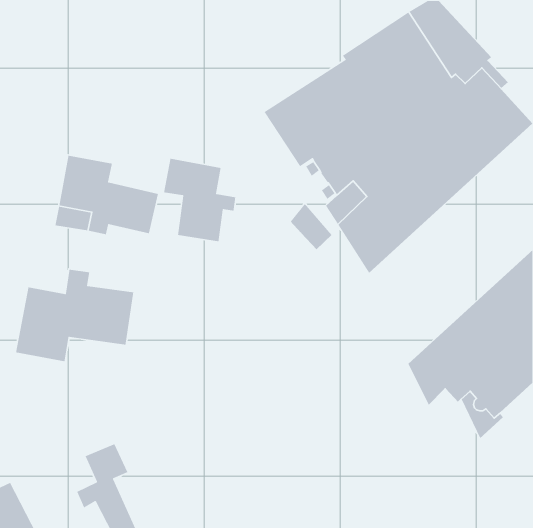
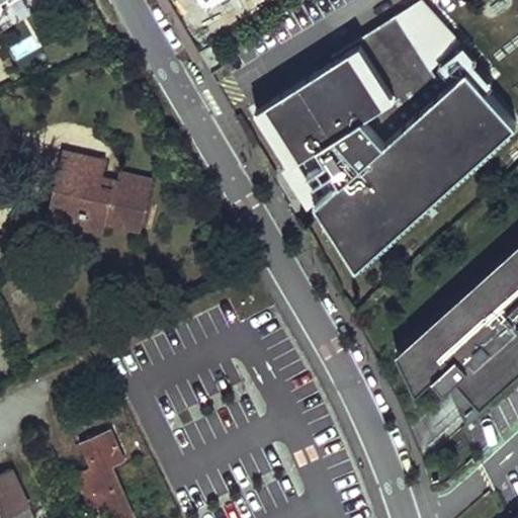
building: [163,158,236,242] -> none
building: [290,203,332,250] -> none
building: [15,269,134,362] -> none

